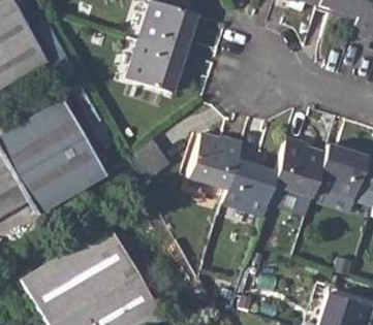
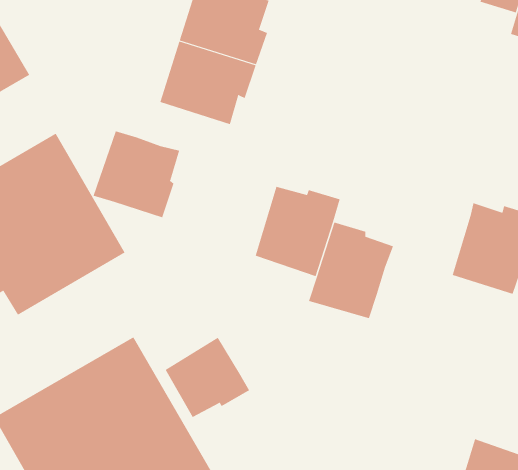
building: none -> [93,130,180,218]
building: [267,135,325,215] -> none
building: none -> [165,337,250,418]

